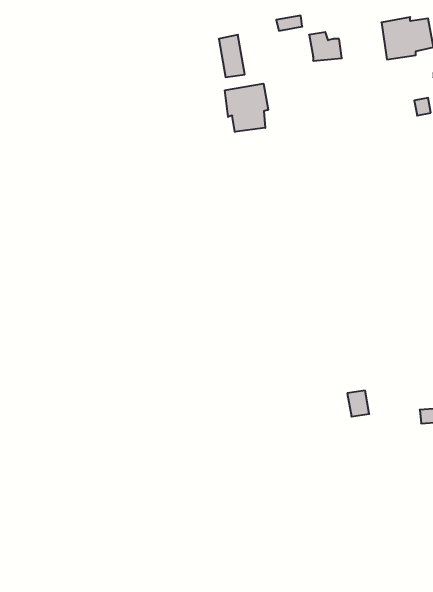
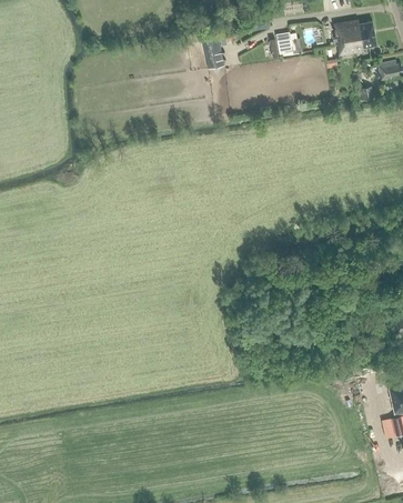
building: [225,84,268,132] -> none

